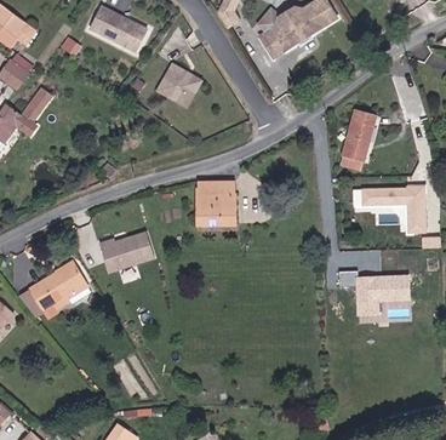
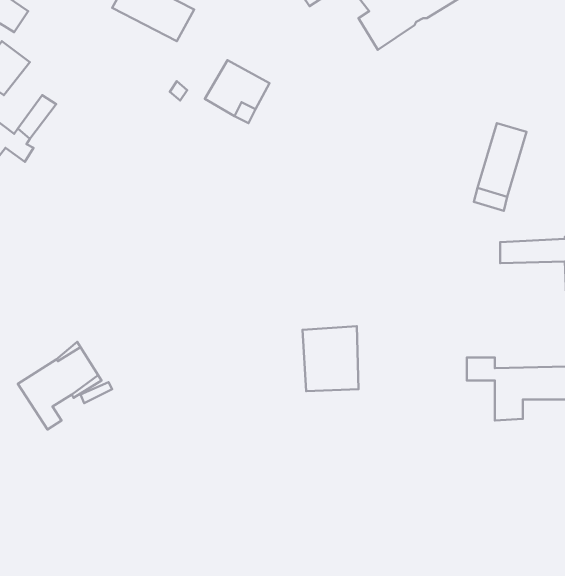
building: [196,178,235,223] -> [303,326,359,391]
building: [97,230,153,273] -> none

